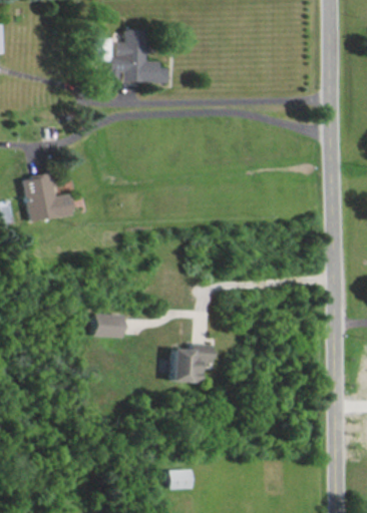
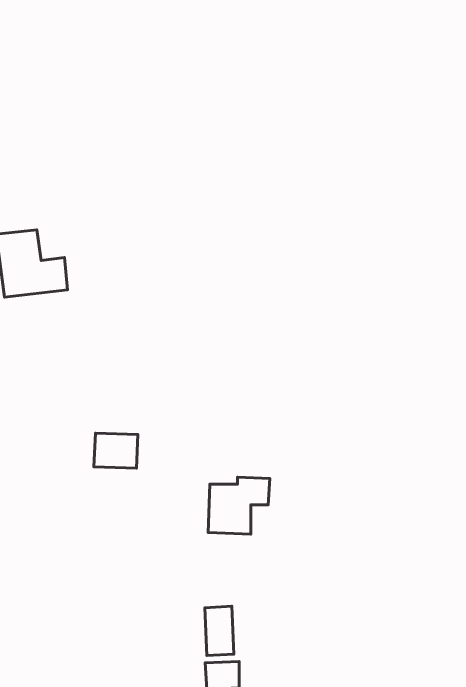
building: [97,29,168,83] -> none
building: none -> [205,606,234,656]

